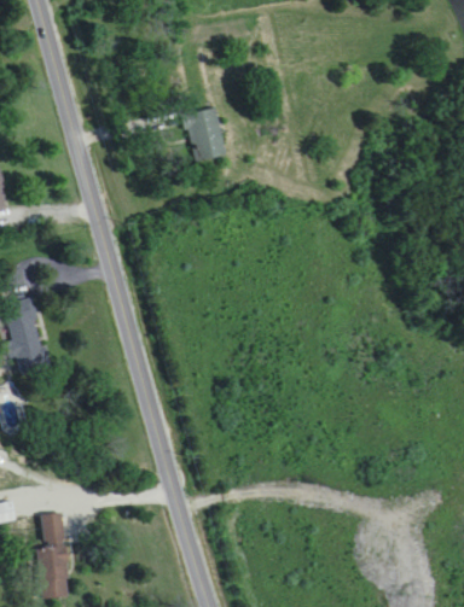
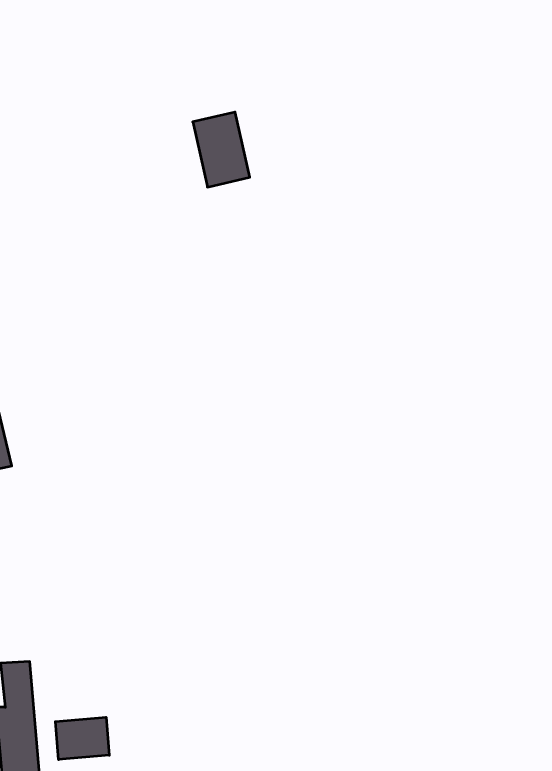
building: none -> [55,717,109,760]

